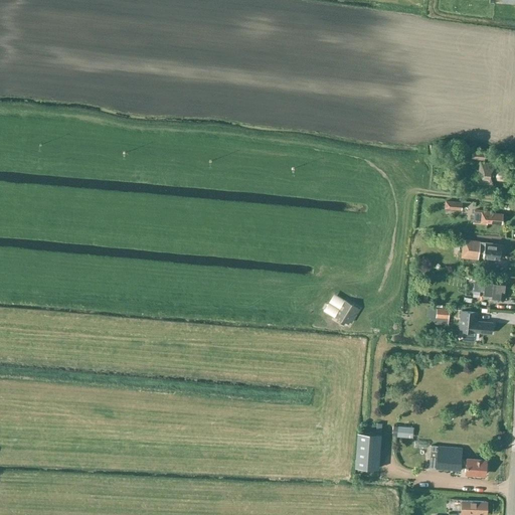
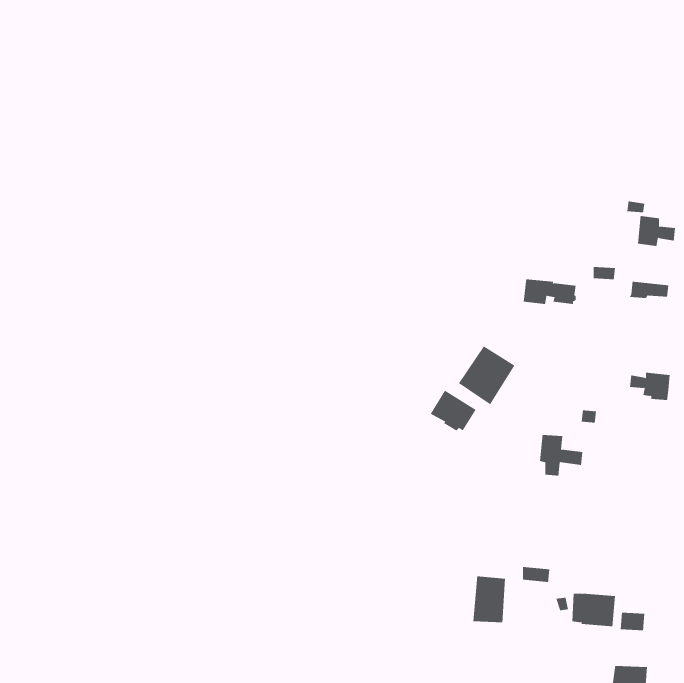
building: [461,240,501,260] -> [523,279,576,304]
building: none -> [458,345,515,405]
building: [459,311,492,342] -> [539,435,583,476]

